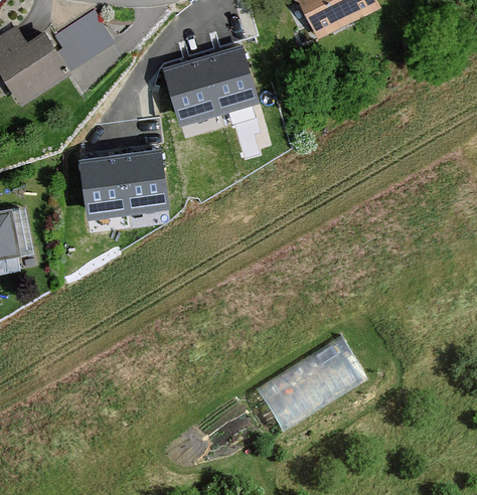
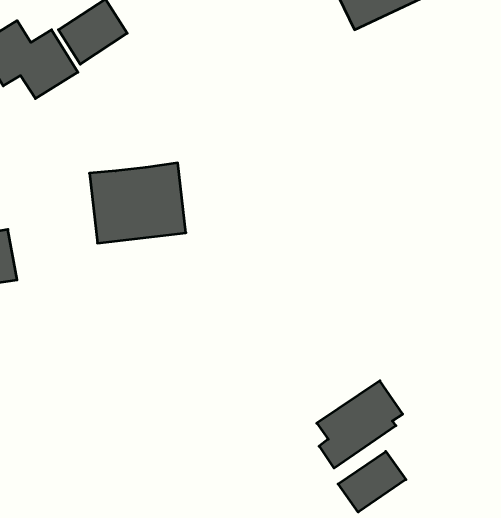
building: [163,48,257,126] -> none
building: none -> [338,451,406,512]

